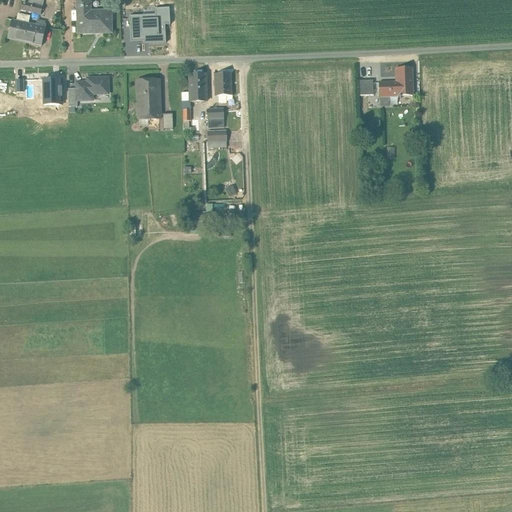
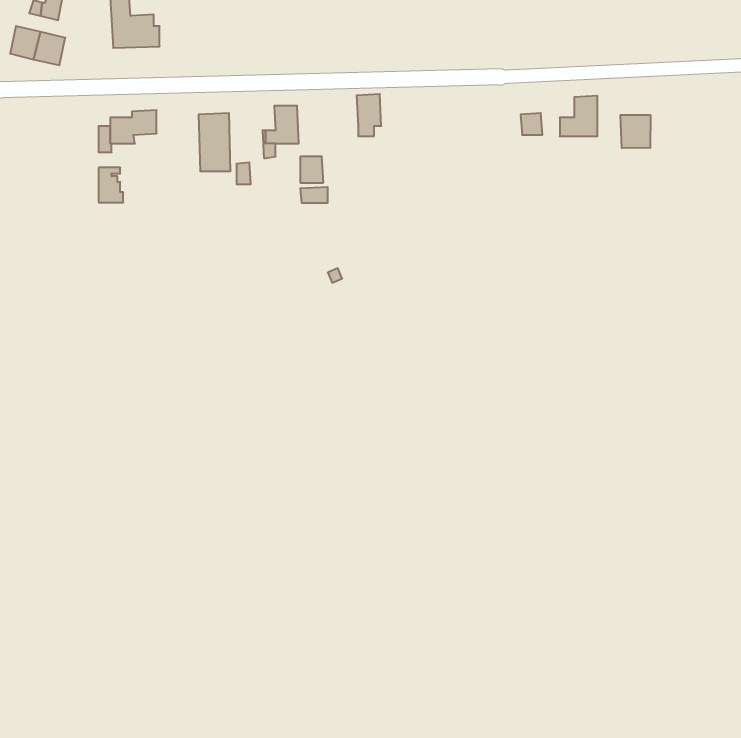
building: [128,6,171,42] -> none
building: [214,72,231,101] -> [357,94,381,136]
building: [45,78,62,102] -> [99,168,123,202]
building: none -> [621,115,650,148]

